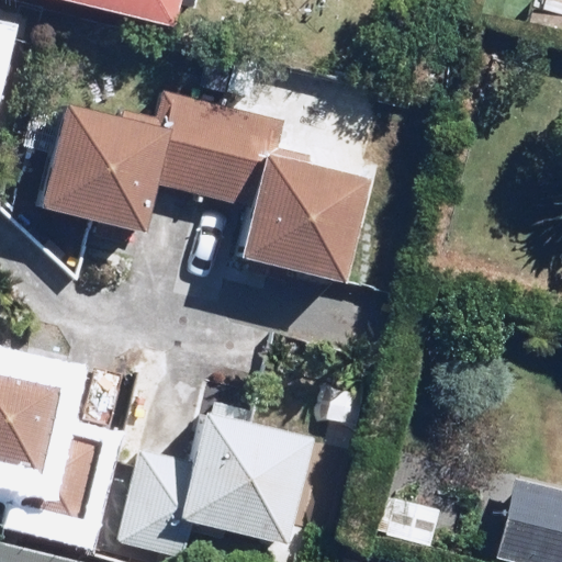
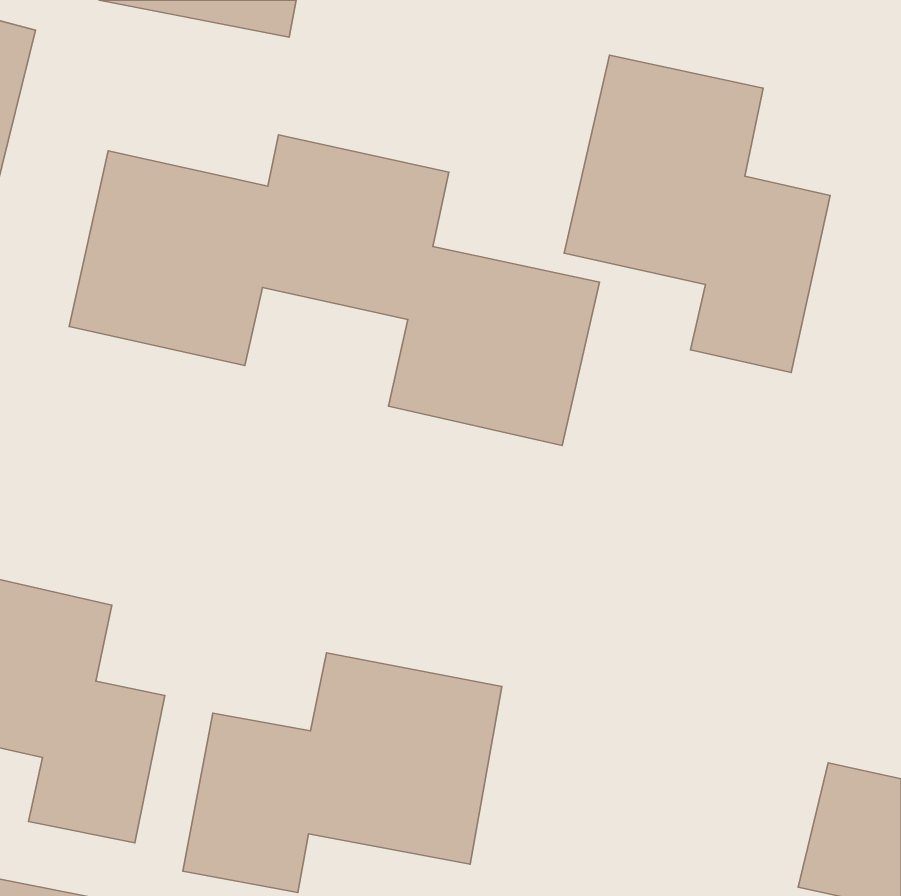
building: none -> [564,55,830,372]

